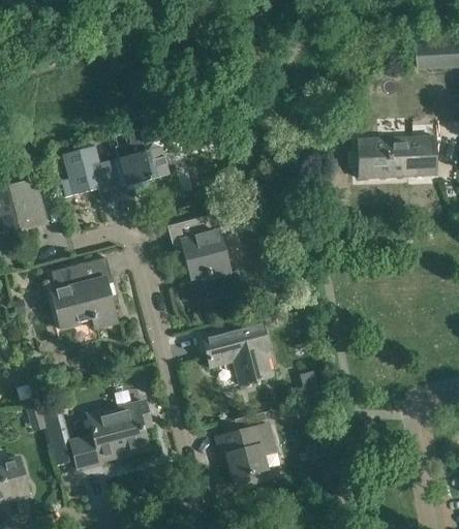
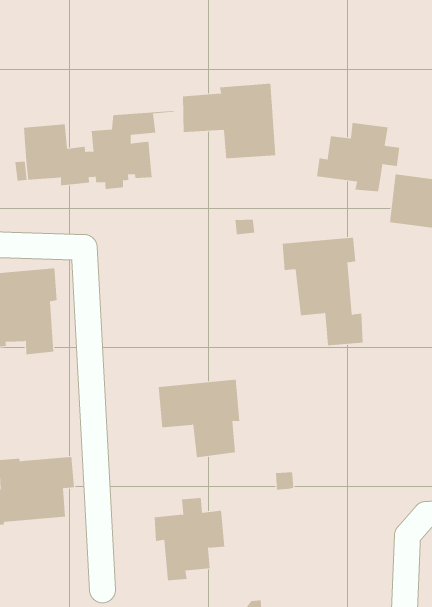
building: none -> [182,83,276,159]
building: none -> [317,122,400,192]
building: [167,212,244,300] -> [282,237,364,346]

